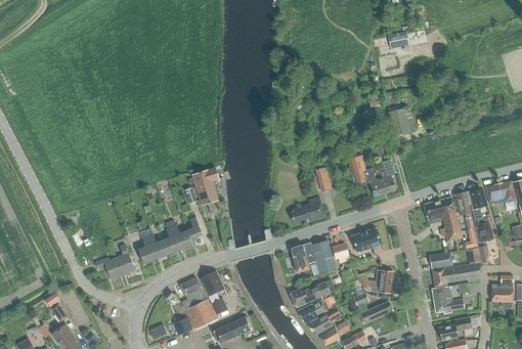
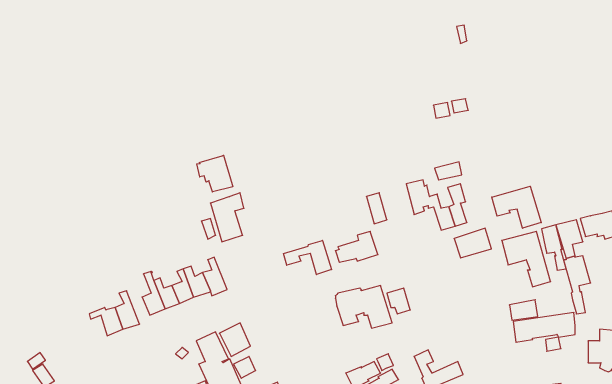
building: [388,106,415,136] -> none
building: none -> [197,155,233,192]
building: none -> [492,186,541,228]
building: none -> [284,240,332,275]
building: [351,228,381,252] -> [454,228,491,258]
building: [357,270,393,294] -> none
building: [290,281,330,308] -> none
building: [431,287,464,313] -> none

